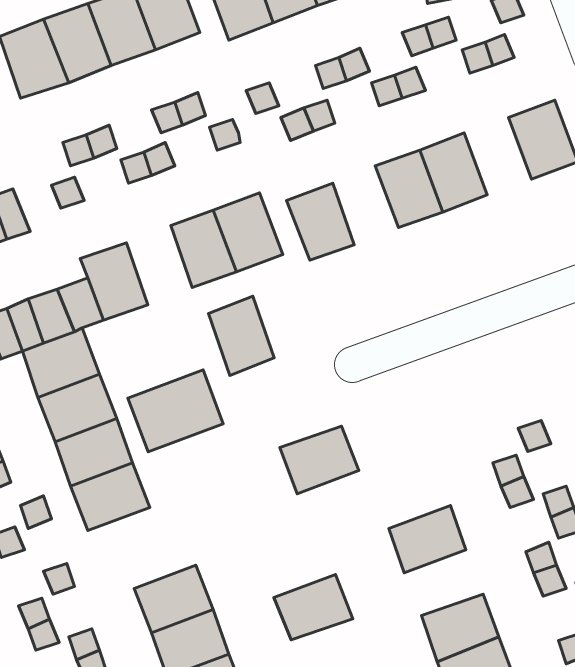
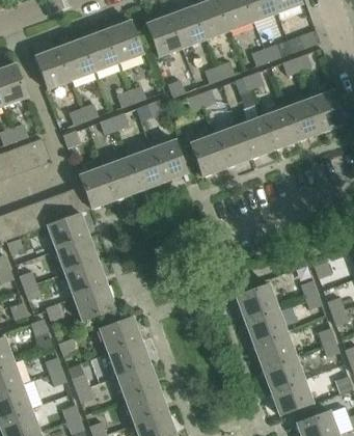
building: none -> [284,99,321,140]
building: none -> [214,125,249,167]
building: [209,296,274,375] -> [103,157,138,199]
building: [128,370,223,452] -> none
building: [280,426,359,494] -> [235,283,277,320]
building: none -> [99,316,140,352]
building: [274,574,353,640] -> [252,331,295,366]

